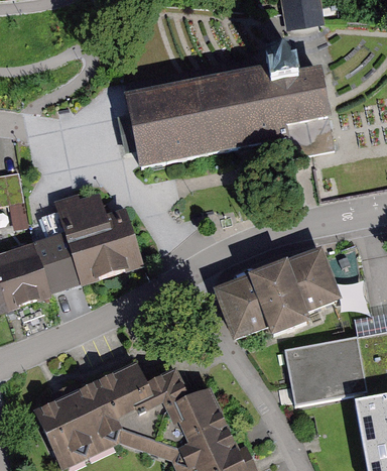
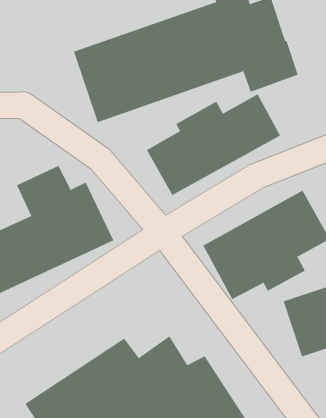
building: none -> [146,93,281,196]

